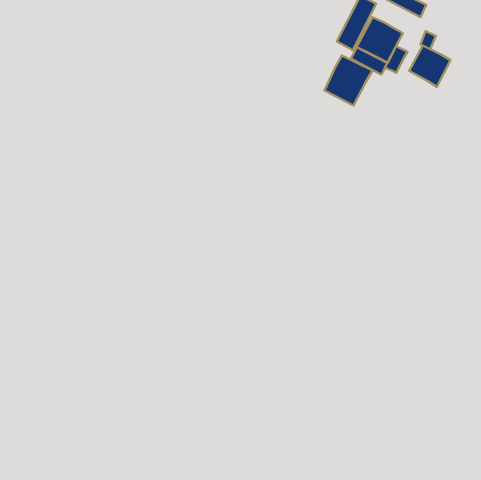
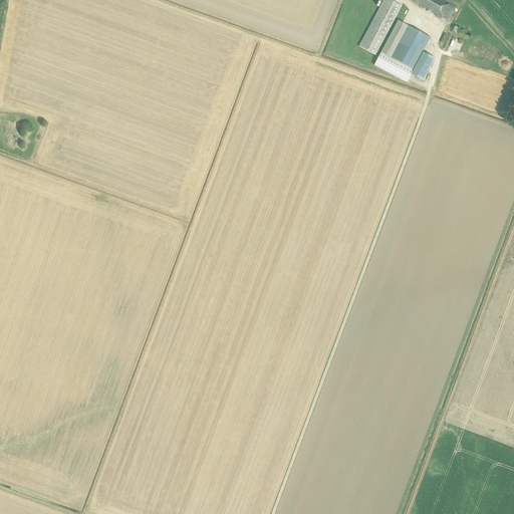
building: [409,46,451,87] -> none
building: [324,55,372,105] -> none

